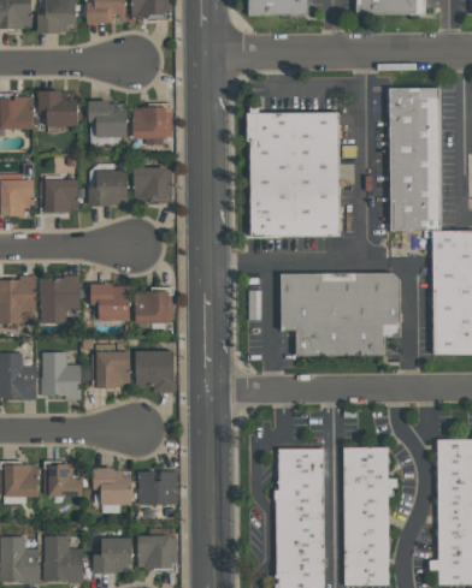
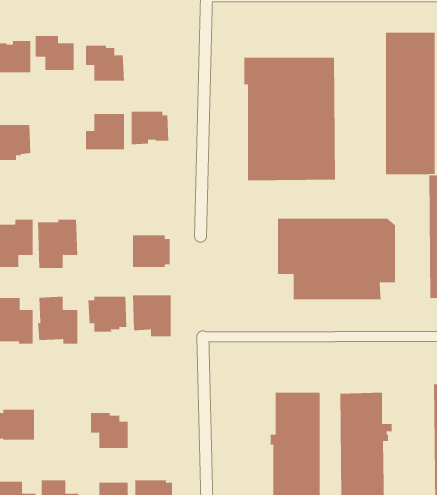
building: [132,107,172,138] -> none
building: [40,178,78,212] -> none
building: [90,283,129,320] -> none
building: [43,463,82,495] -> none
building: [138,470,177,504] -> none

